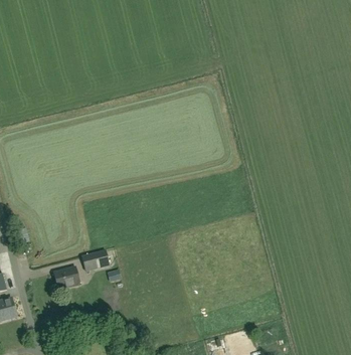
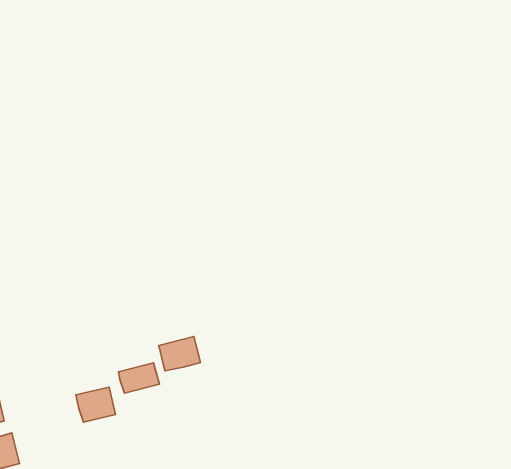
building: none -> [159,336,201,371]

